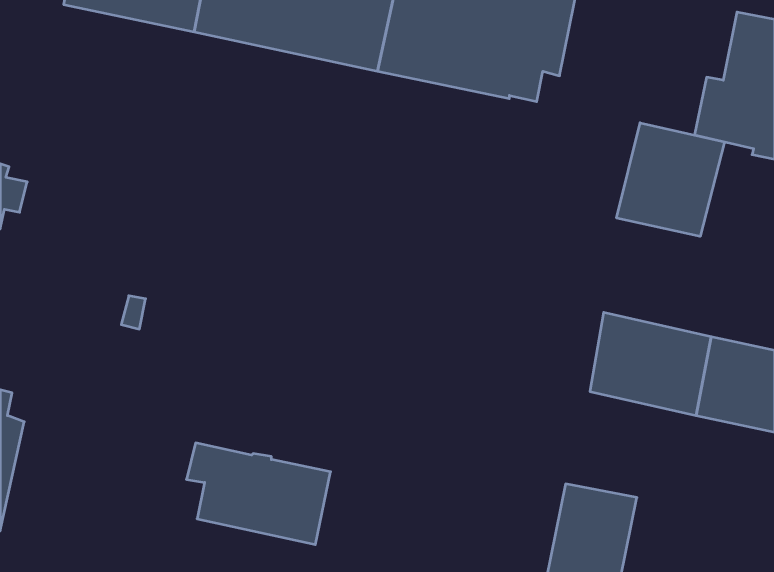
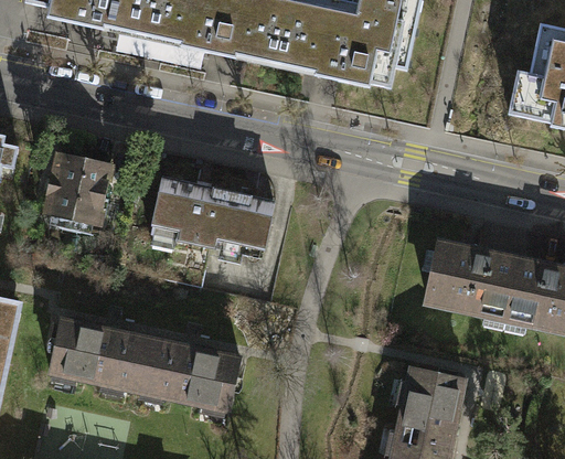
building: [617,123,725,236] -> none
building: none -> [49,156,110,222]
building: none -> [151,178,275,258]
building: none -> [51,319,149,392]

